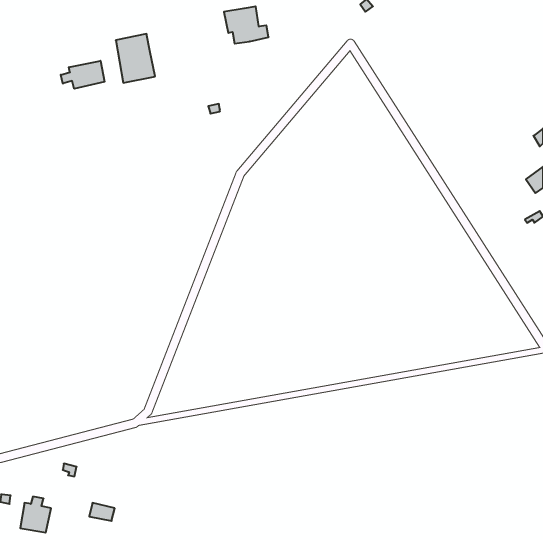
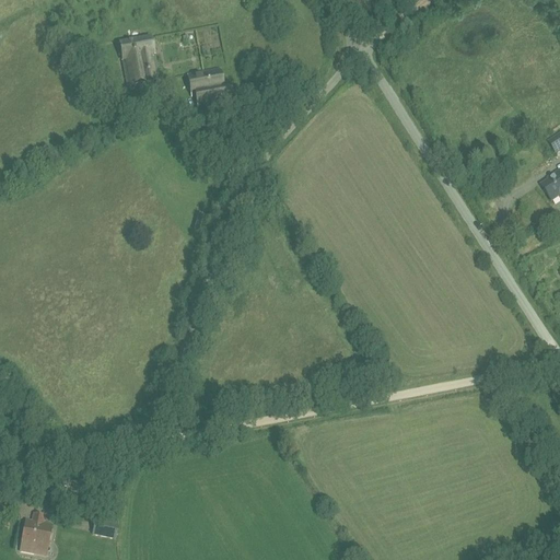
building: [224,6,269,44] -> [187,68,233,106]
building: [61,61,105,89] -> none

